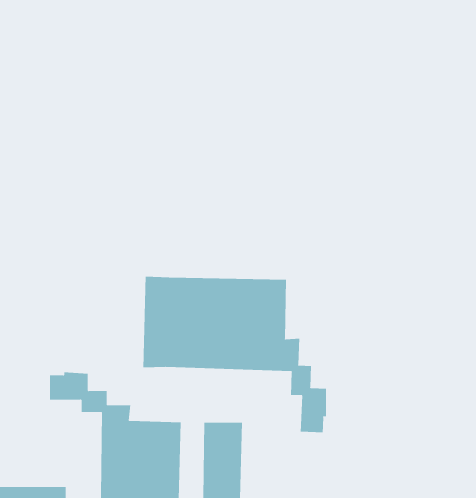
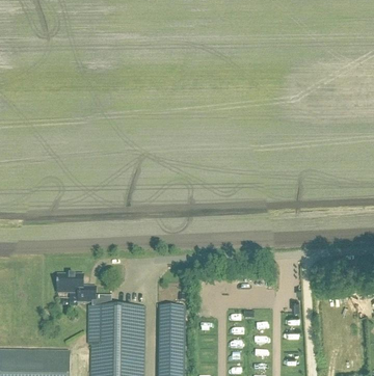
building: [143,276,327,433] -> none

